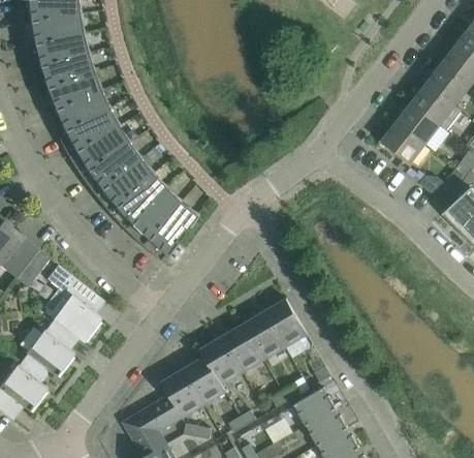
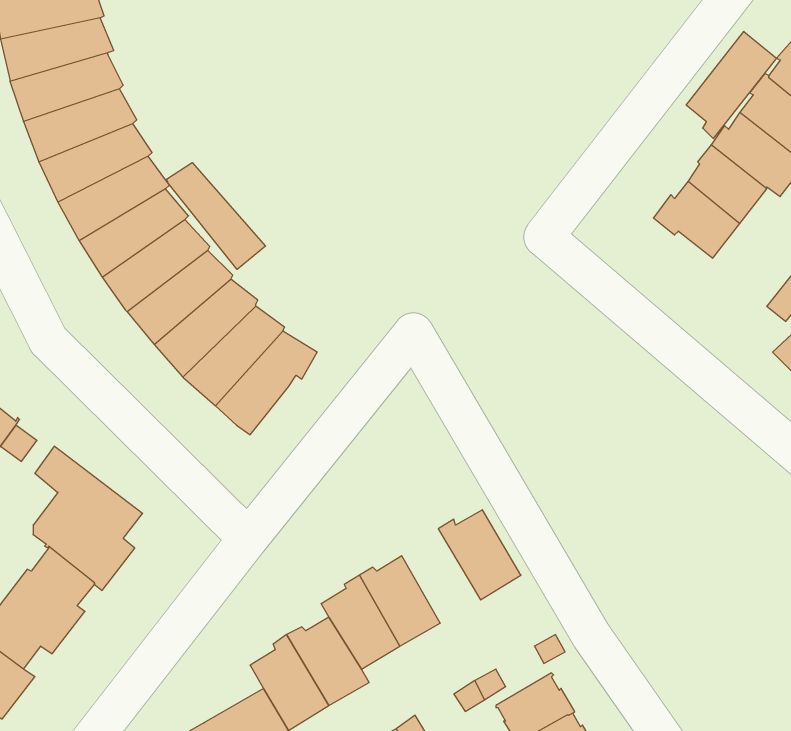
building: none -> [686,31,776,139]
building: none -> [167,163,265,269]
building: [244,309,286,360] -> none

